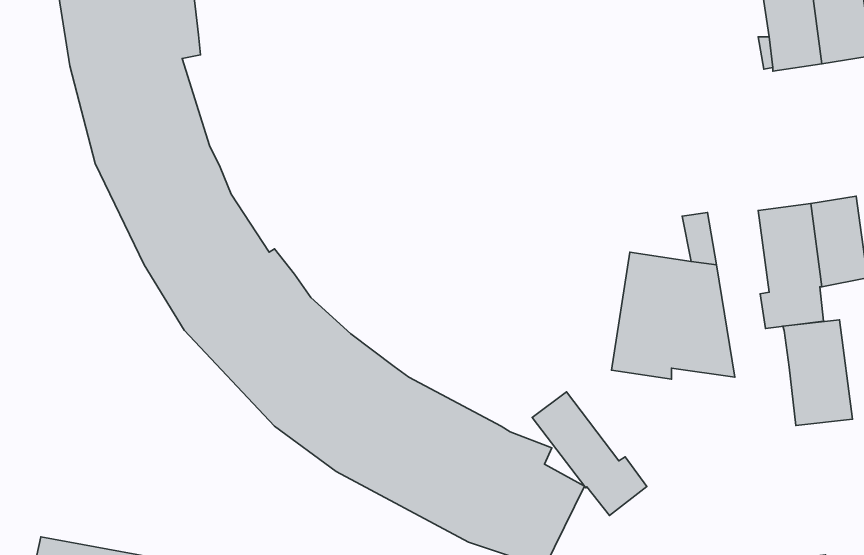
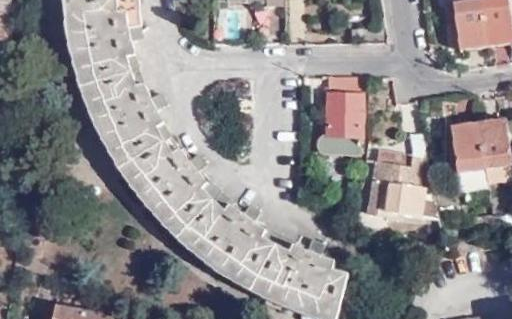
building: none -> [317,83,362,155]
building: [783,320,853,426] -> none
building: [532,392,647,515] -> none

